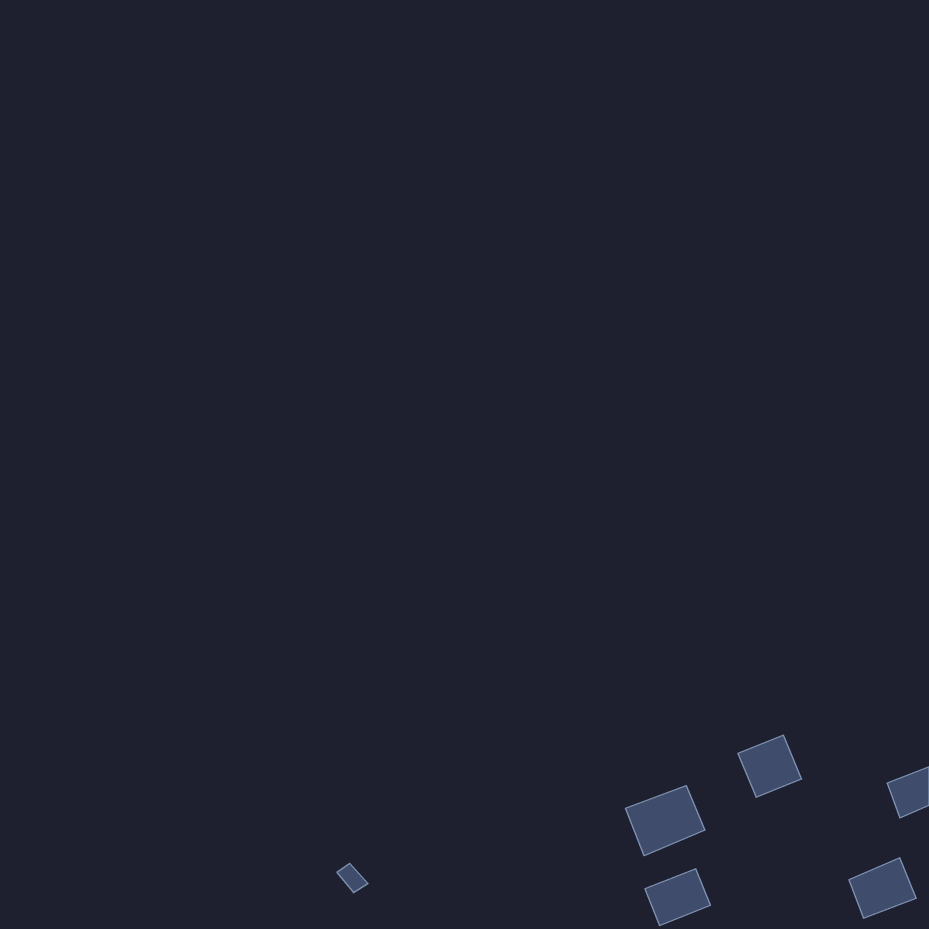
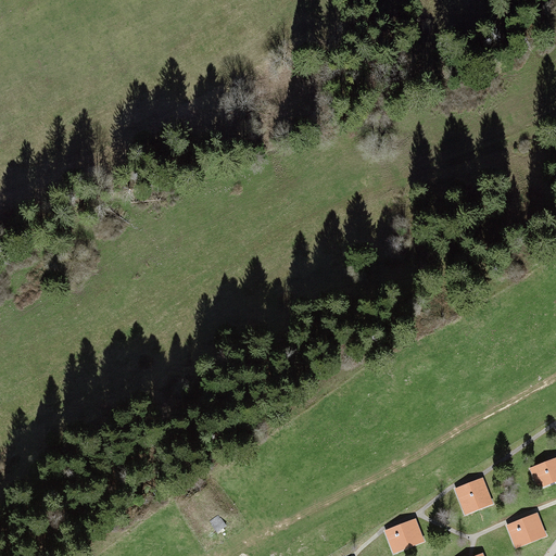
building: [738,735,802,797] -> [454,477,492,514]
building: [626,786,705,856] -> none

